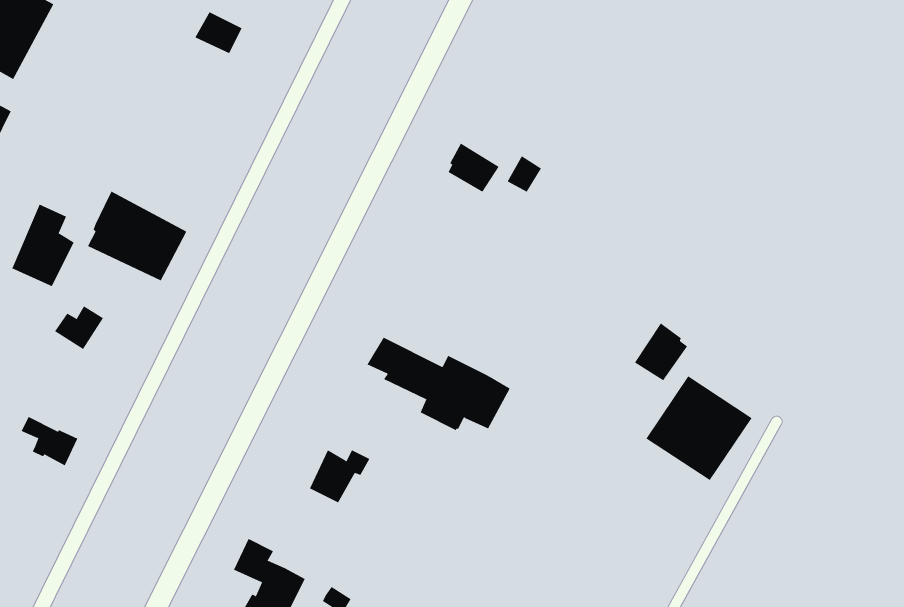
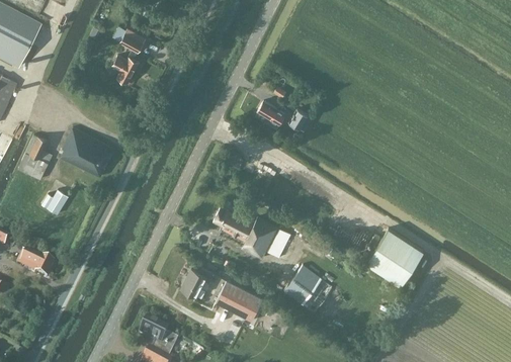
building: none -> [109,57,137,85]
building: [634,323,688,381] -> none
building: none -> [282,265,332,312]
building: none -> [215,280,262,321]

